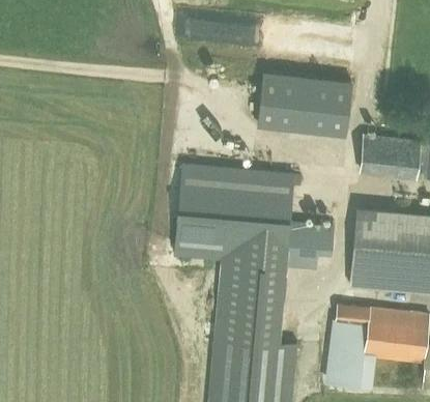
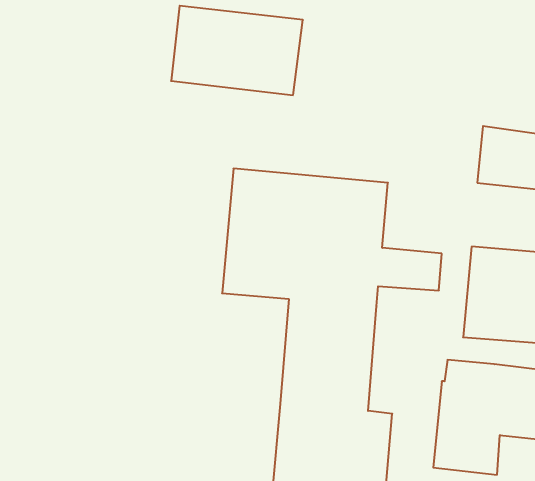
building: [257,71,353,137] -> [171,6,303,95]

